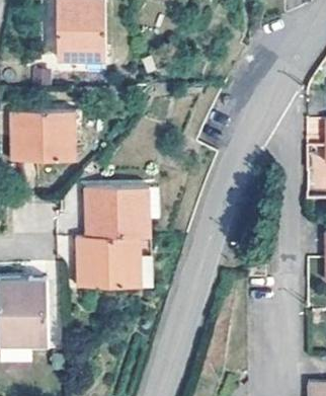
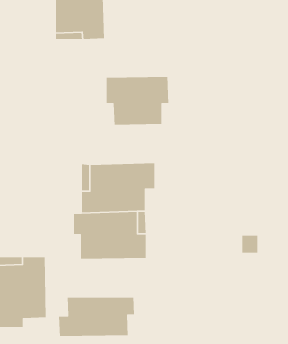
building: [11,110,76,161] -> [106,76,169,125]
building: none -> [58,297,135,337]

